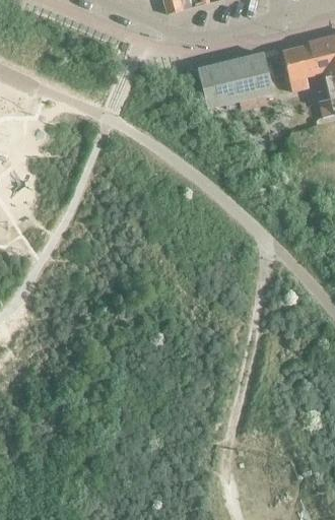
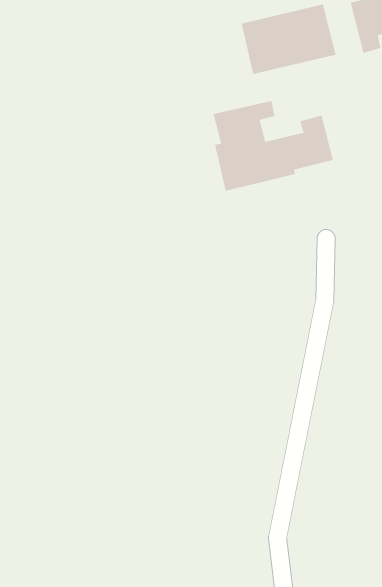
building: none -> [213,100,334,192]

